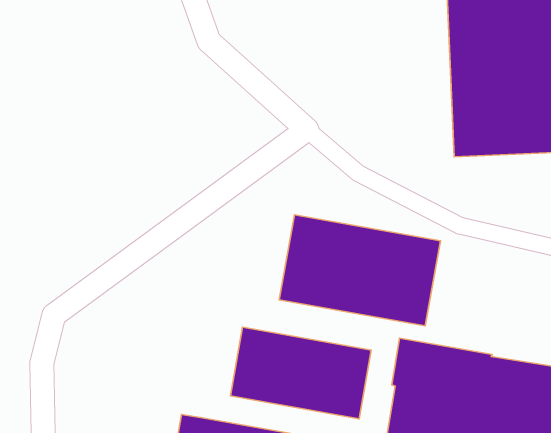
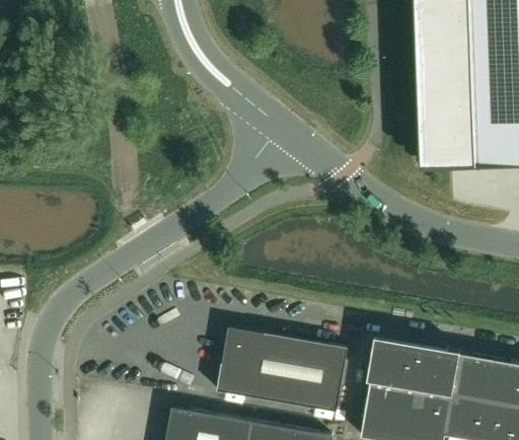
building: [279,215,440,326] -> none

